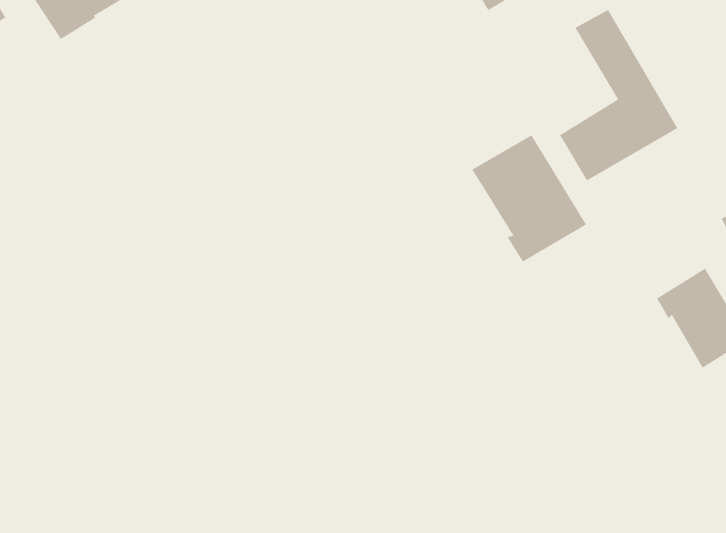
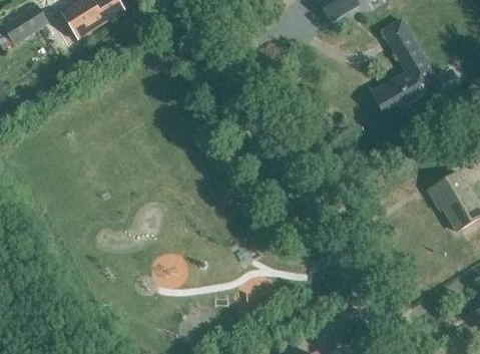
building: [471,134,587,262] -> none

